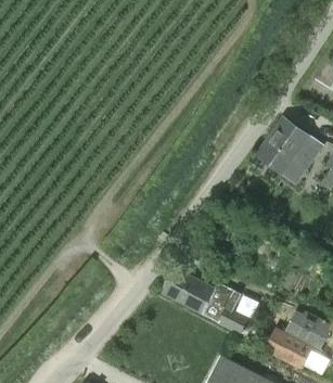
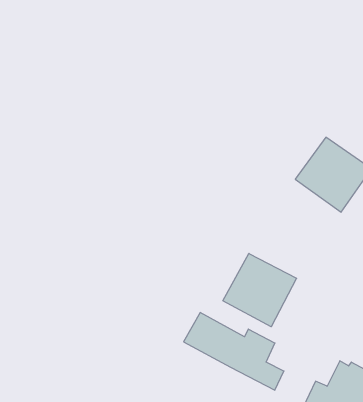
building: none -> [223,253,297,327]

